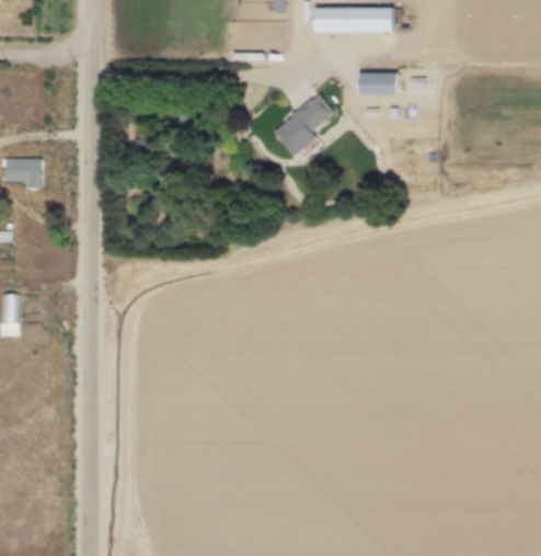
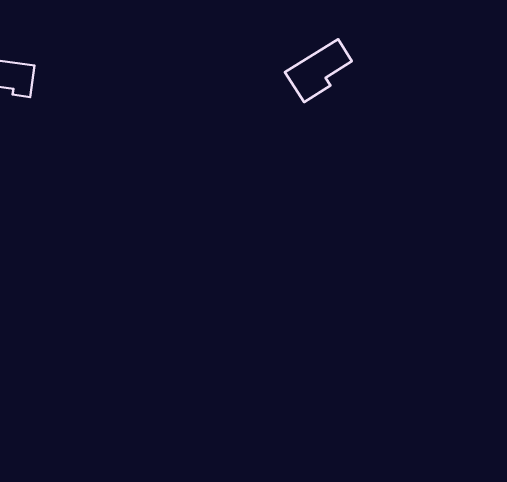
building: [357,73,396,95] -> none

